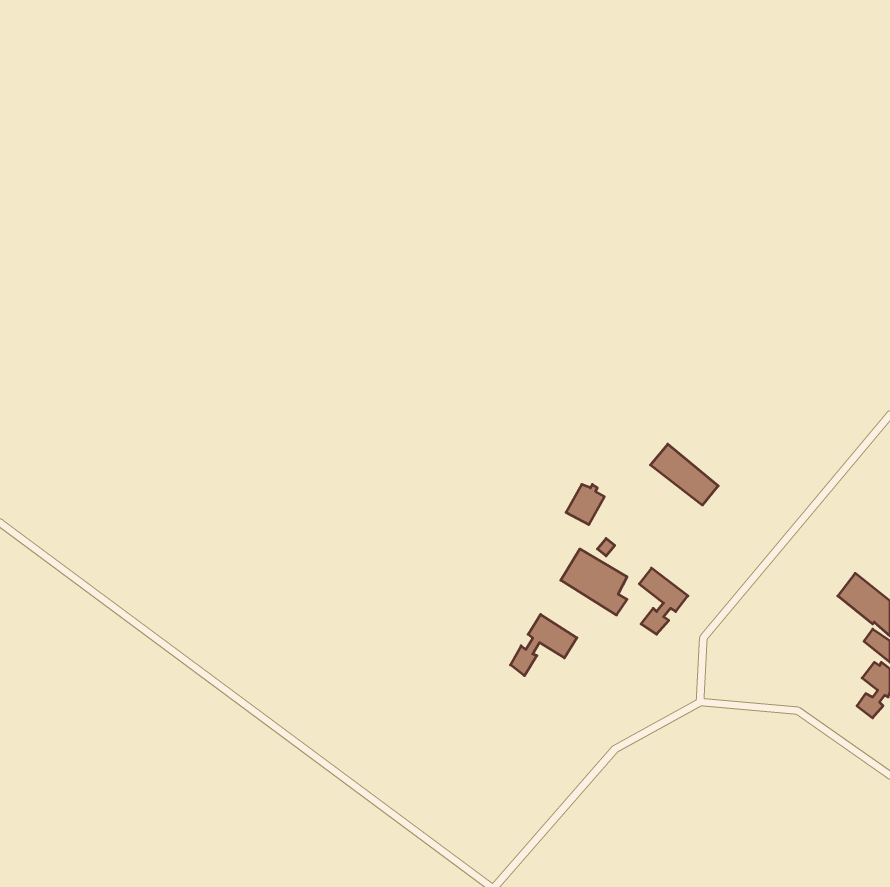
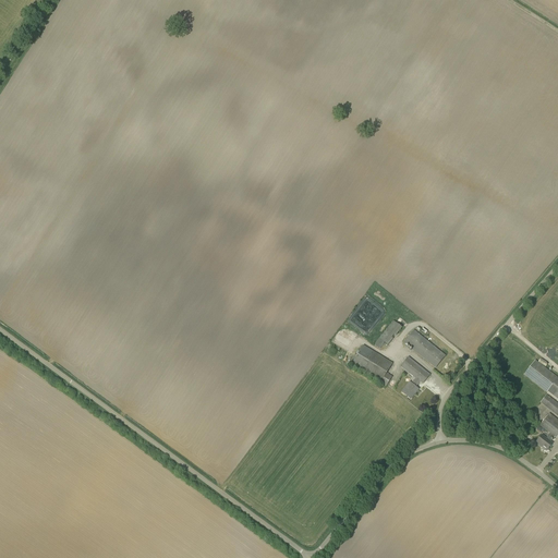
building: [650,444,718,505] -> [403,328,446,366]
building: [510,614,577,676] -> none

